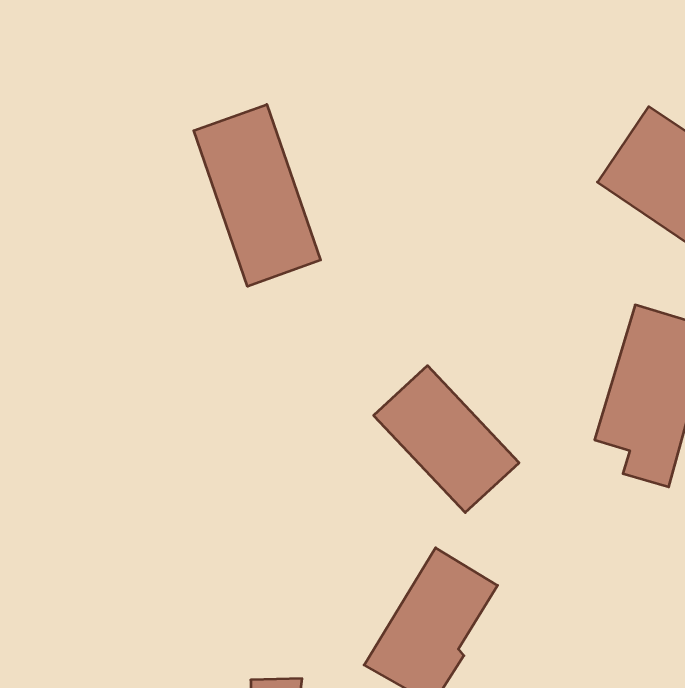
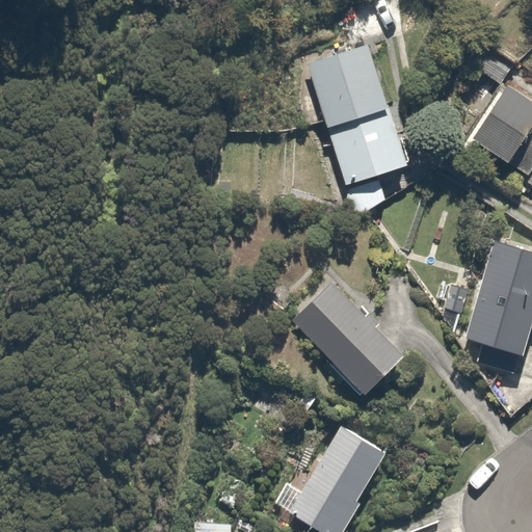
building: none -> [310,43,415,222]
building: [194,104,321,286] -> none

